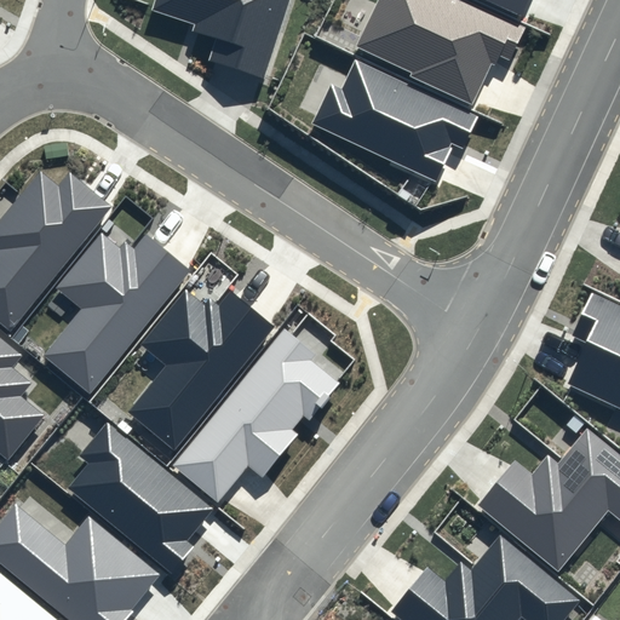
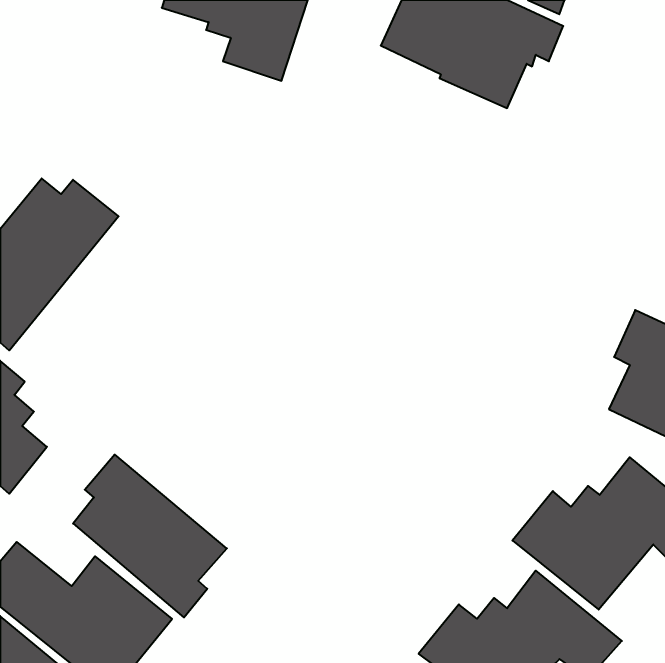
building: [311,57,477,180] -> none
building: [42,231,189,390] -> none
building: [127,287,274,447] -> none
building: [170,325,339,499] -> none

